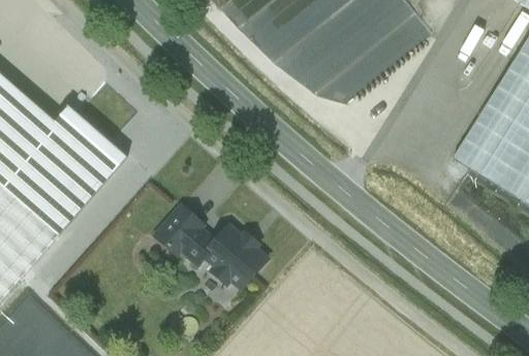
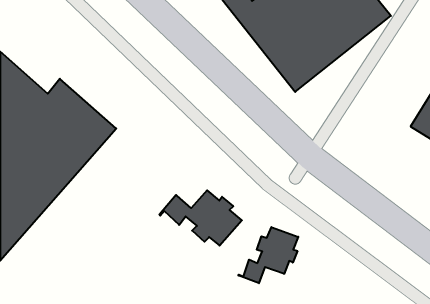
building: [155,204,203,252] -> none
building: none -> [238,227,298,283]

